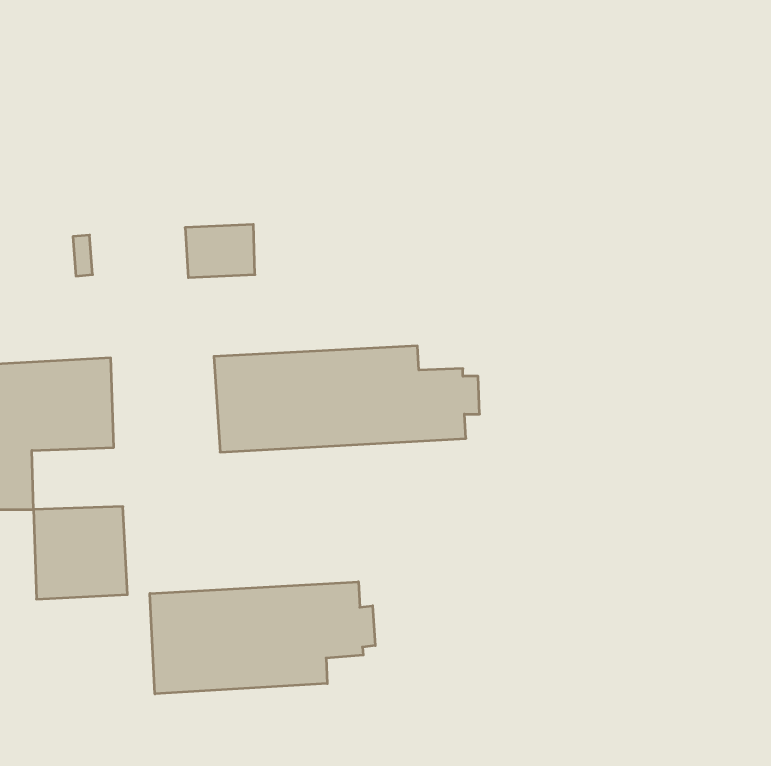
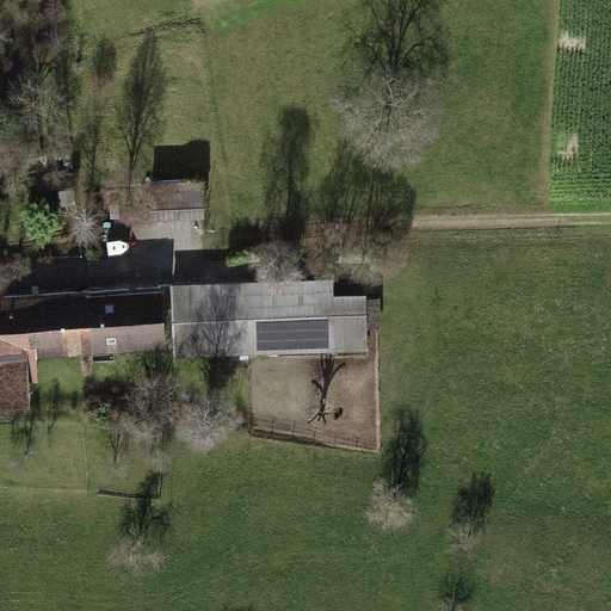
building: [33,507,127,599] -> [87,286,161,359]
building: [150,582,375,694] -> none

